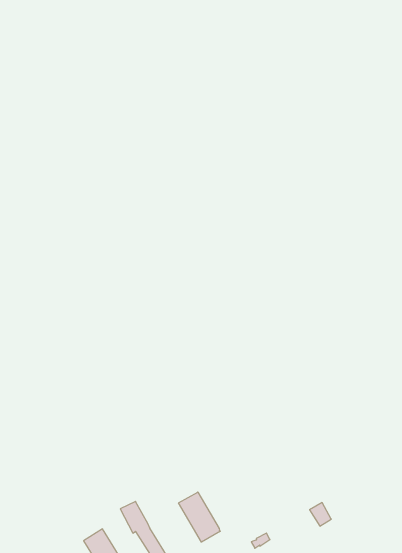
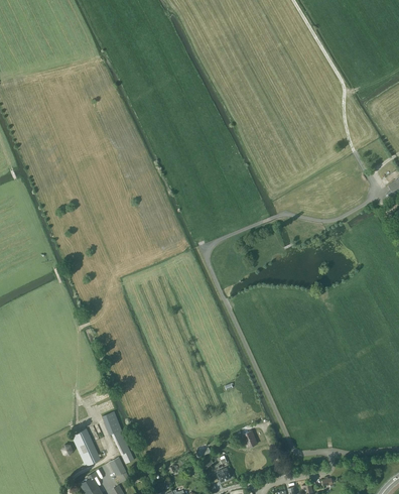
building: [179,492,220,542] -> none

